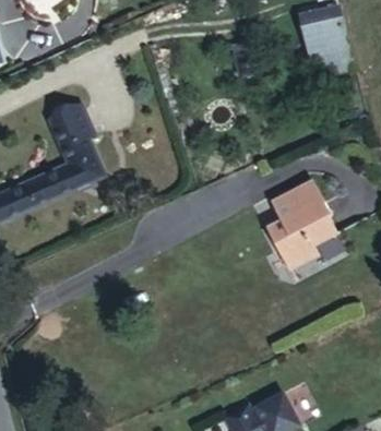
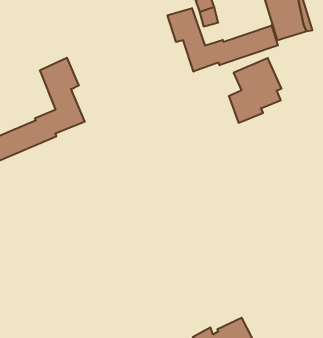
building: none -> [168,8,278,72]
building: [278,192,337,264] -> [229,58,282,123]

